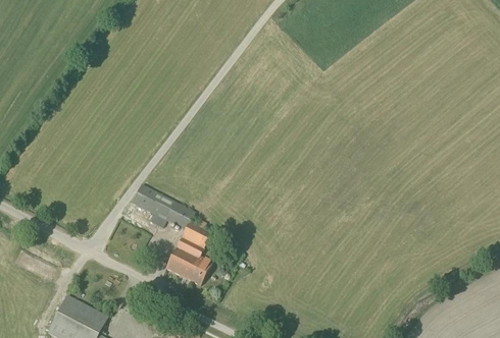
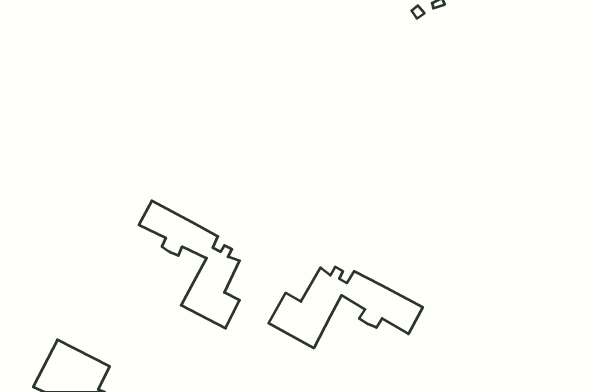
building: none -> [269,267,423,348]

